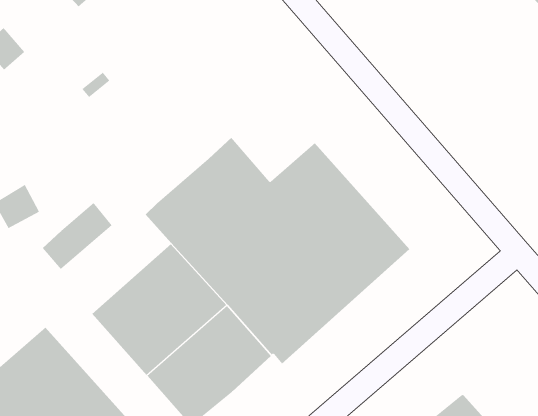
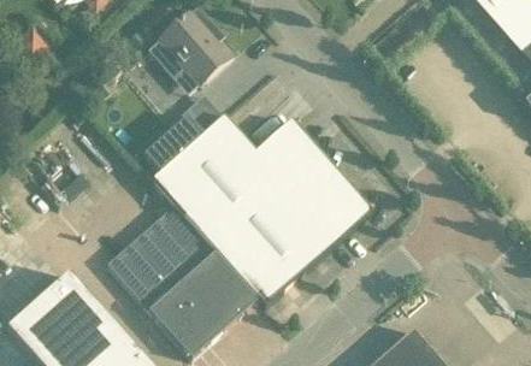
building: none -> [148,12,232,84]
building: [42,202,113,270] -> [144,114,203,171]

